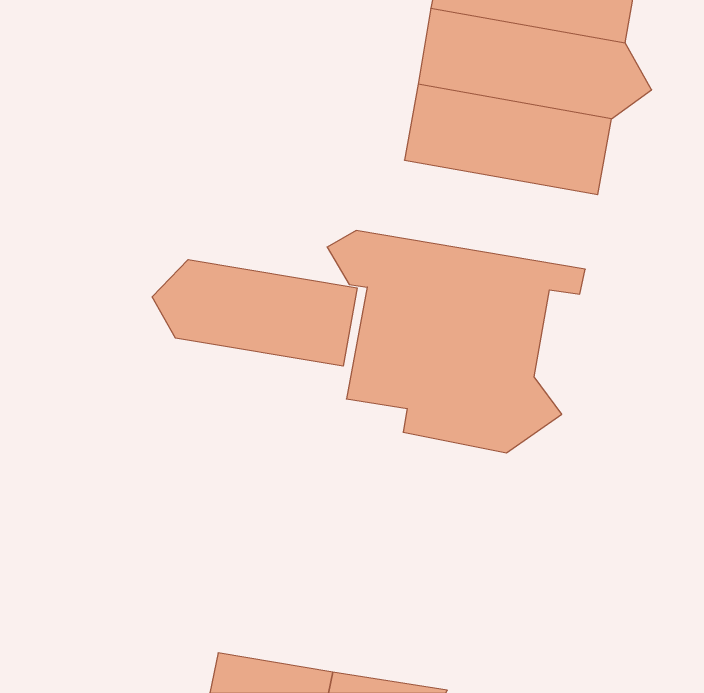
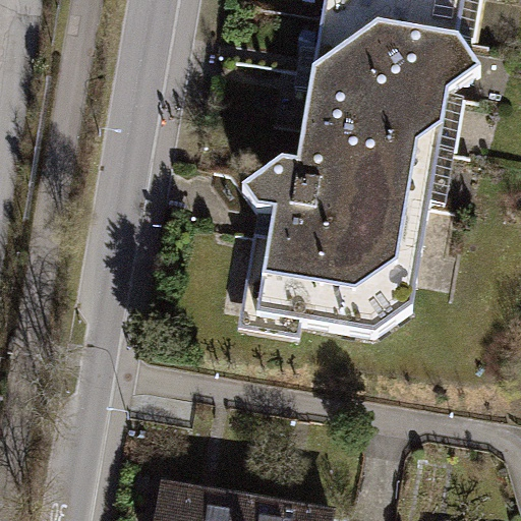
building: none -> [263,118,441,198]
building: [152,260,357,366] -> none

